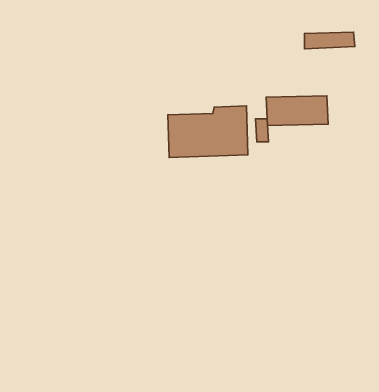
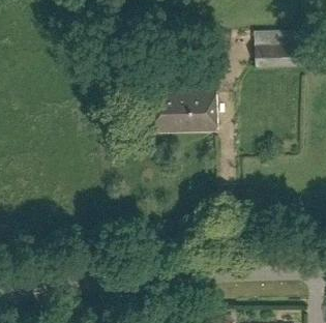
building: [266,96,328,126] -> [258,41,307,65]

